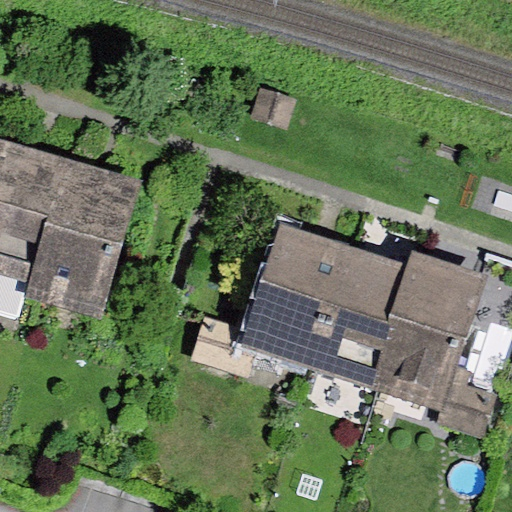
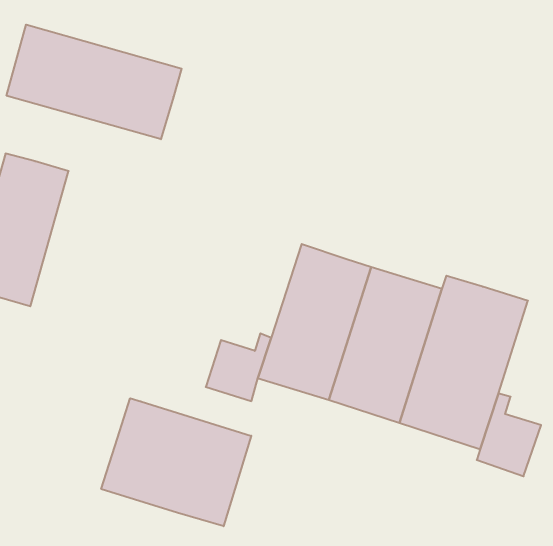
building: none -> [7,25,182,139]
building: [24,157,140,317] -> none
building: none -> [101,398,251,526]

